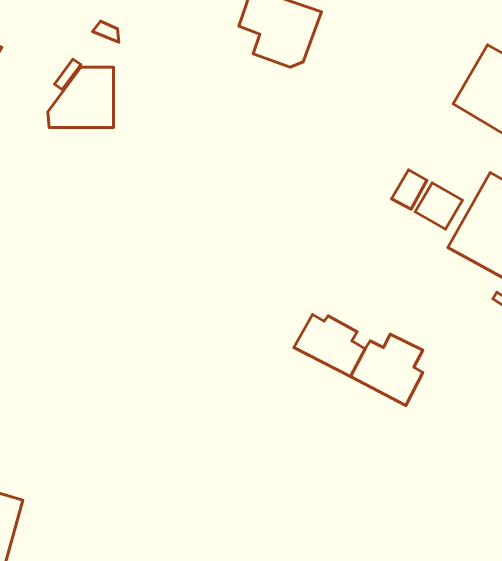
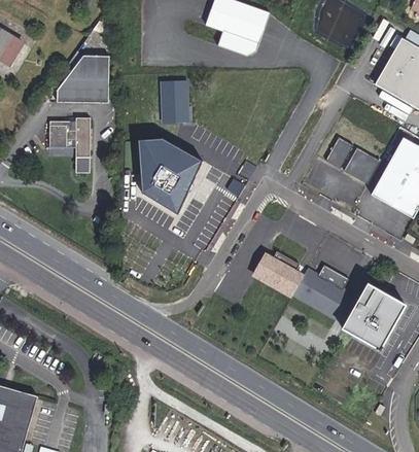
building: none -> [161,80,186,120]
building: none -> [49,117,90,172]
building: none -> [138,139,202,215]
building: none -> [343,283,407,350]

